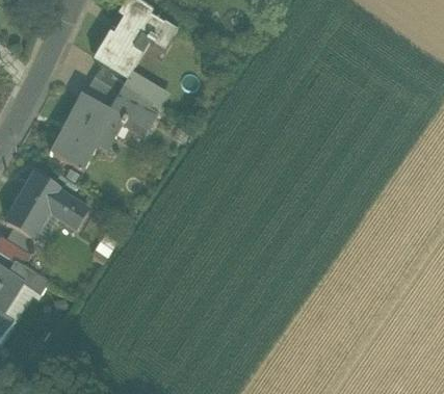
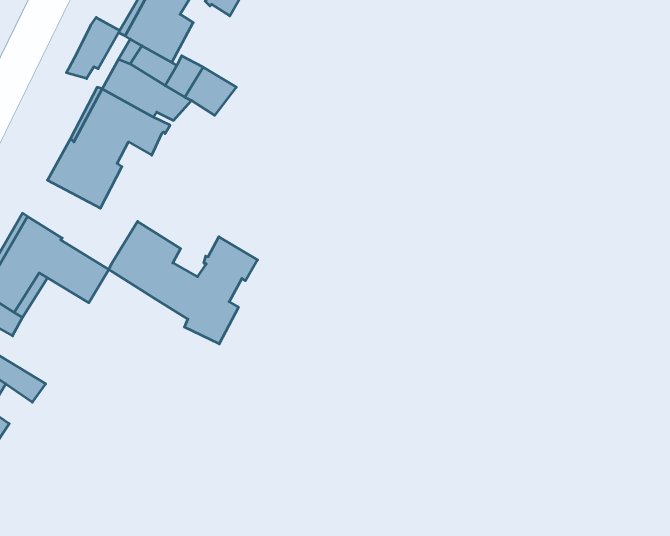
building: none -> [66,17,120,79]
building: [116,102,155,136] -> none
building: none -> [109,221,258,344]

